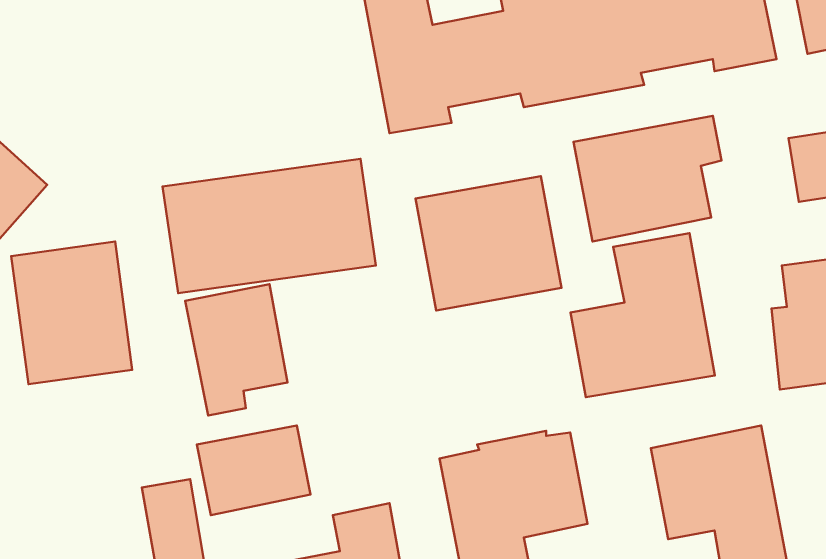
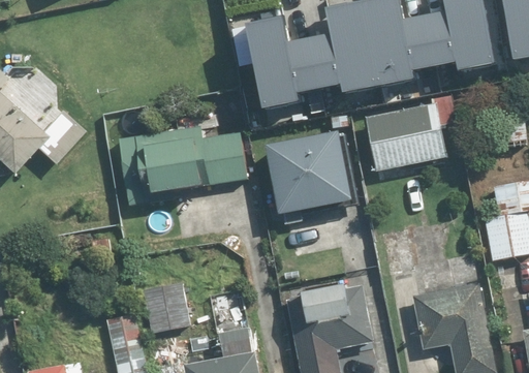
building: [570,233,715,397] -> none
building: [11,242,132,384] -> none
building: [185,284,287,415] -> none

